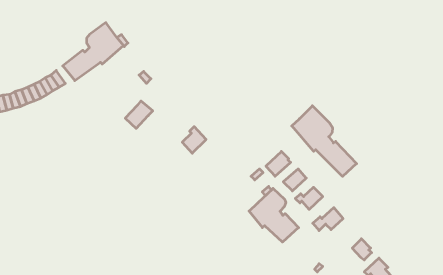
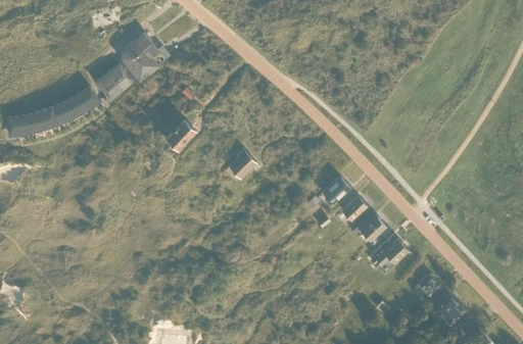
building: [292,106,357,176] -> none
building: [249,188,299,242] -> none

